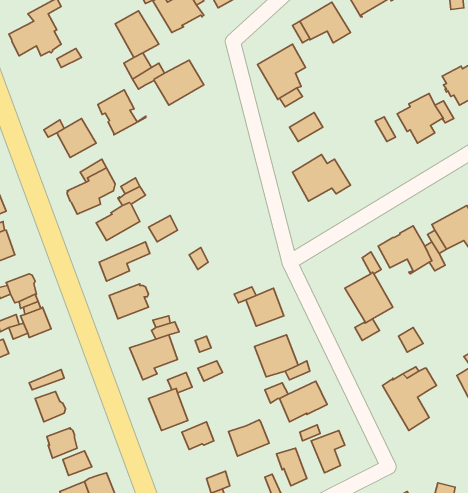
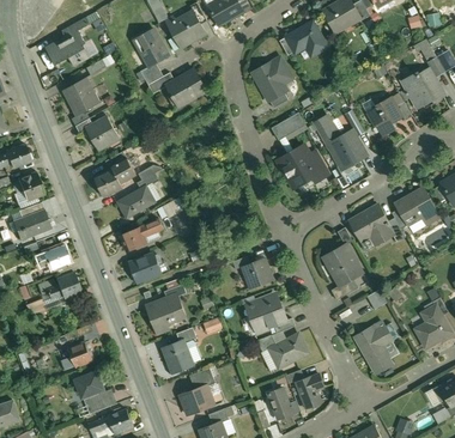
building: [98,90,146,135] -> [63,79,103,116]
building: none -> [316,116,365,169]
building: [229,420,269,456] -> [181,385,214,415]

